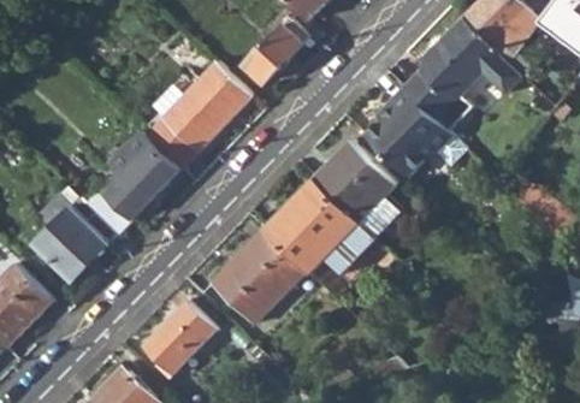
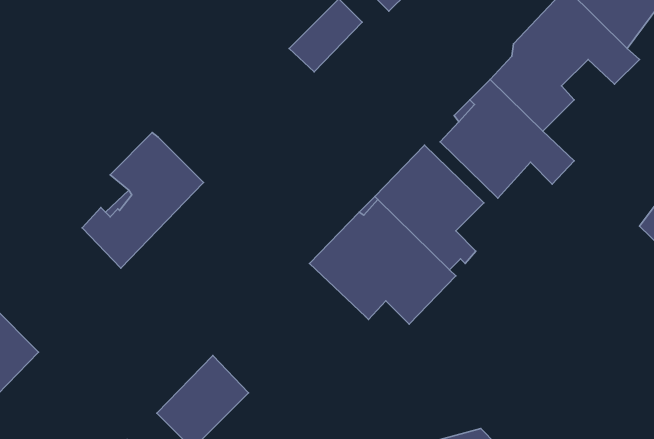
building: [146,60,253,167] -> none
building: [32,192,117,280] -> none
building: [209,230,306,325] -> none

